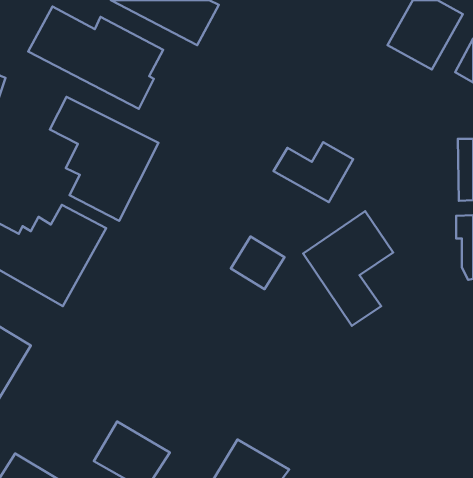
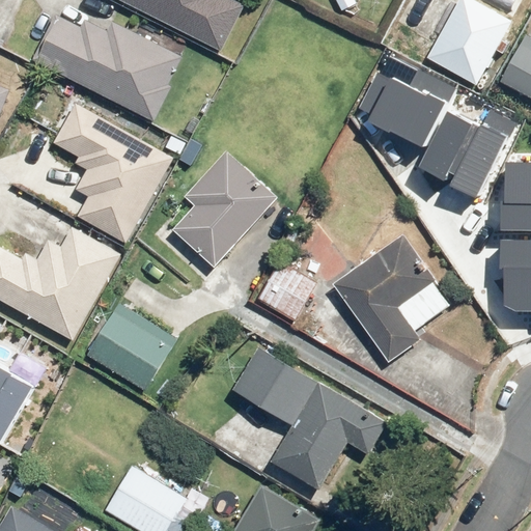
building: none -> [423,109,509,191]
building: none -> [162,150,278,268]
building: [273,142,353,202] -> [362,68,450,135]
building: none -> [87,301,179,393]
building: none -> [235,348,386,487]

